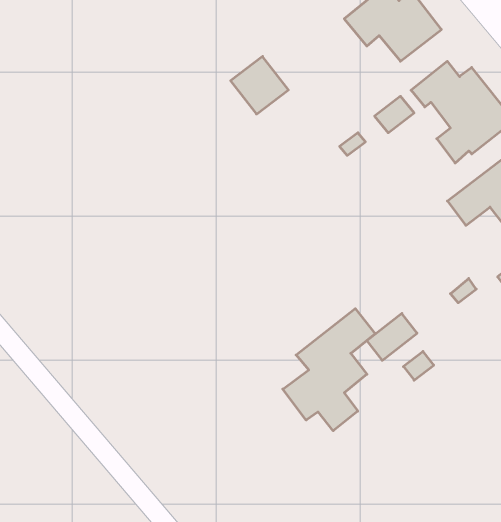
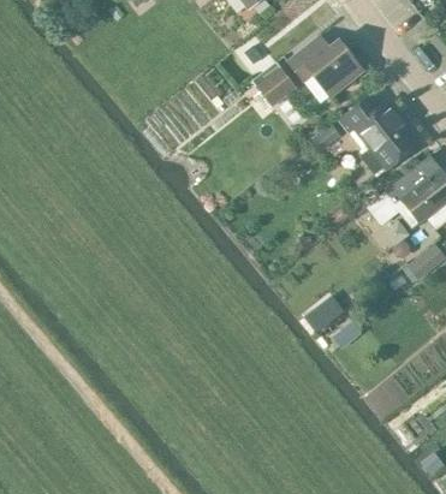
building: [231,56,288,114] -> [251,61,297,107]
building: [283,309,375,431] -> none

